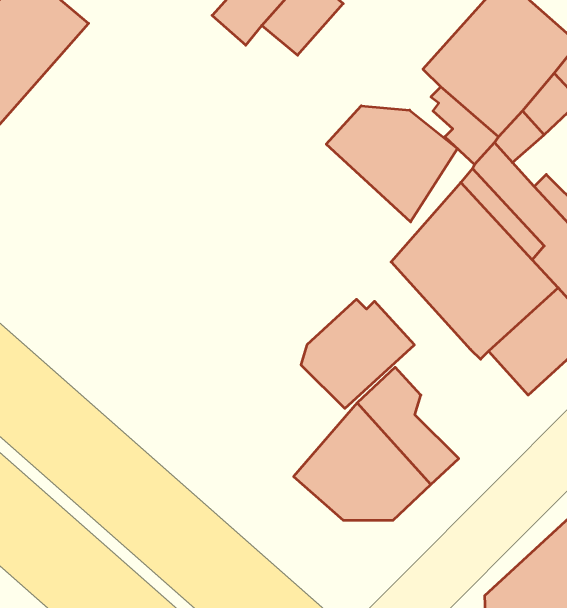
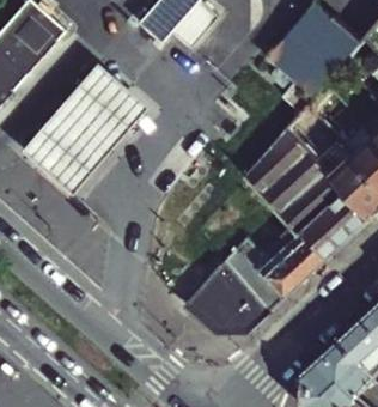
building: none -> [25,62,148,192]
building: [326,106,457,222] -> none
building: [301,299,414,408] -> [262,226,330,292]

